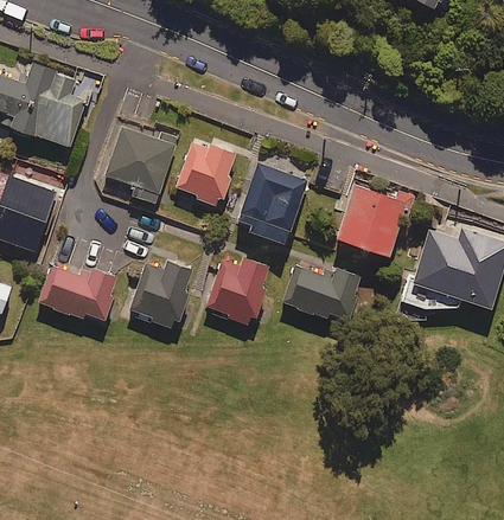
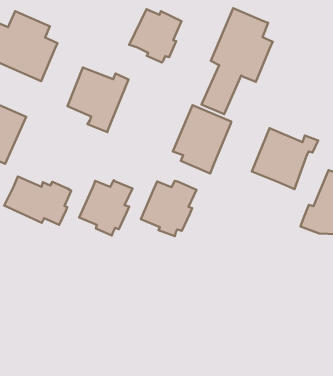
building: none -> [202,8,273,114]
building: [174,142,236,206] -> [129,9,181,63]
building: [281,265,361,321] -> none

